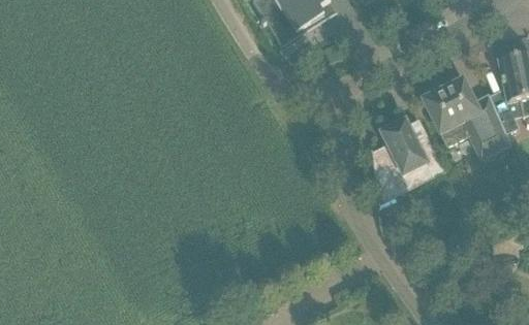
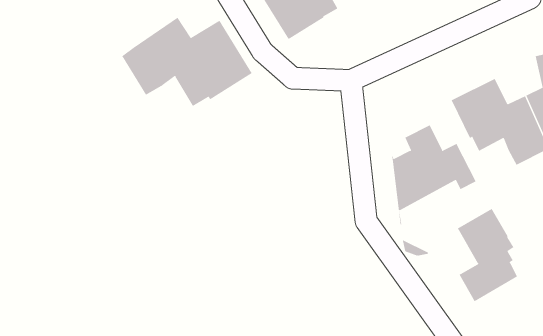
building: none -> [121,17,253,107]
building: none -> [457,208,518,302]

